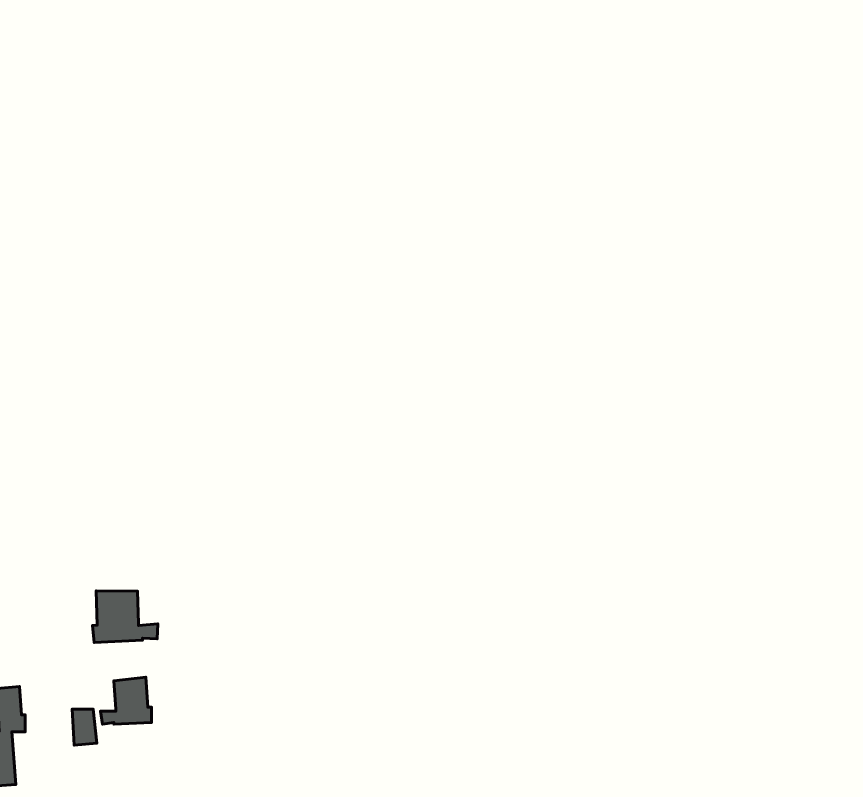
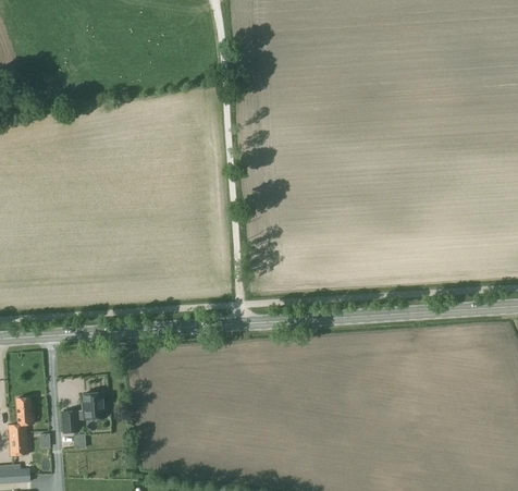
building: [92,591,158,643] -> none

